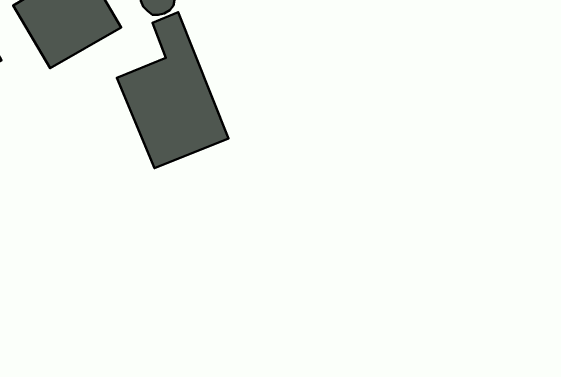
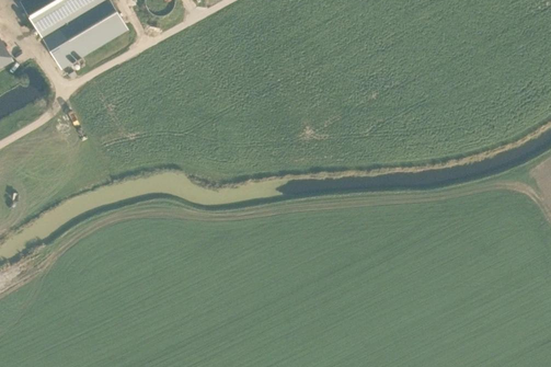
building: [117,12,228,168] -> none

